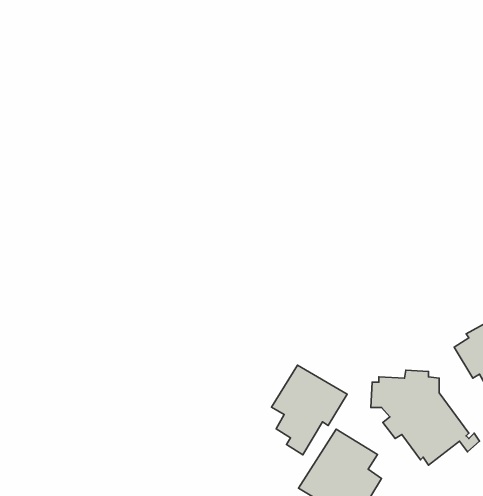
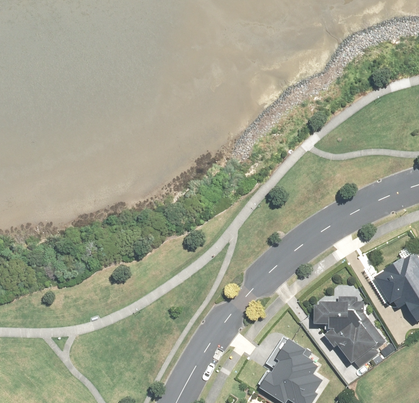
building: [272,365,347,455] -> none

